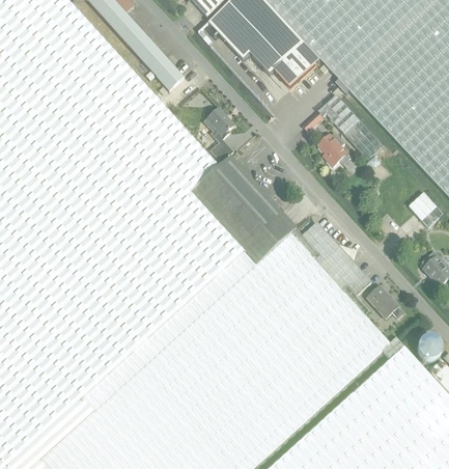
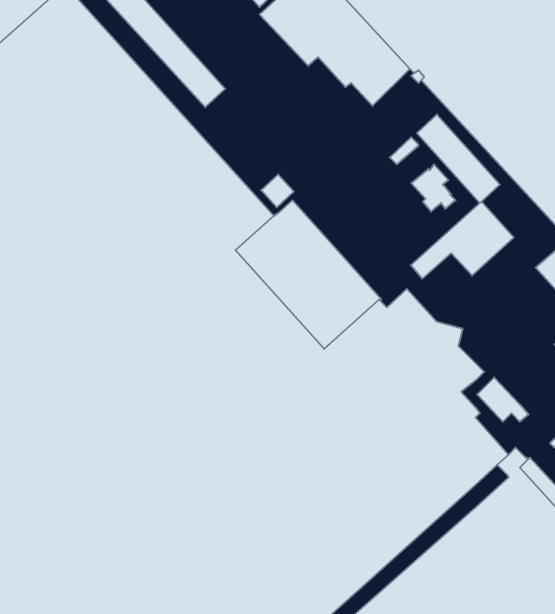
building: [203,108,232,142] -> none
building: none -> [411,202,514,279]

